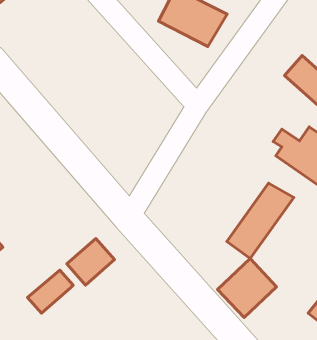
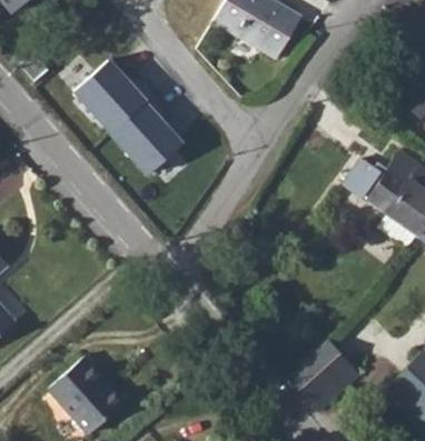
building: none -> [73,52,182,171]
building: [227,183,294,259] -> none
building: [67,238,114,285] -> [62,365,122,424]

